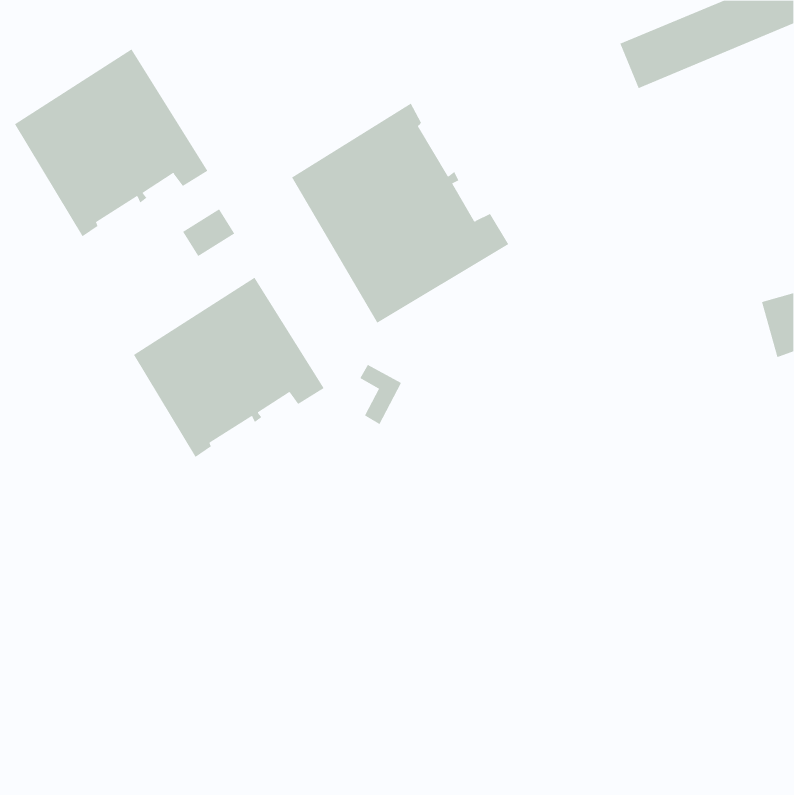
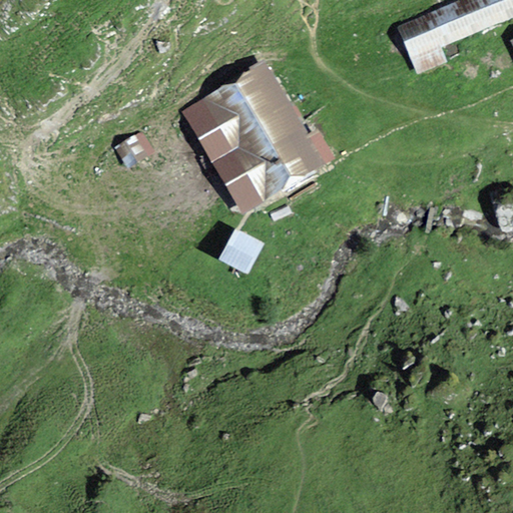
building: [14,48,208,237] -> none
building: [133,277,325,458] -> none

